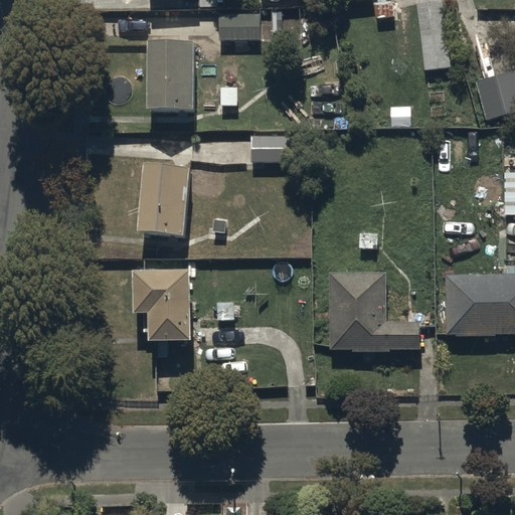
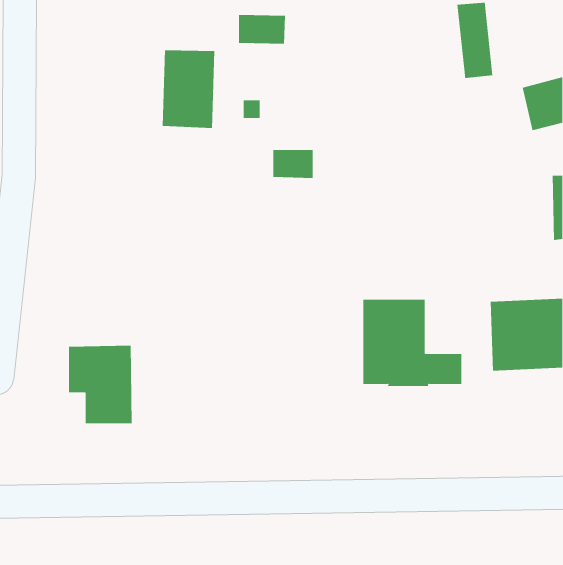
building: [141,160,191,235] -> none
building: [135,269,193,340] -> [68,345,132,424]

